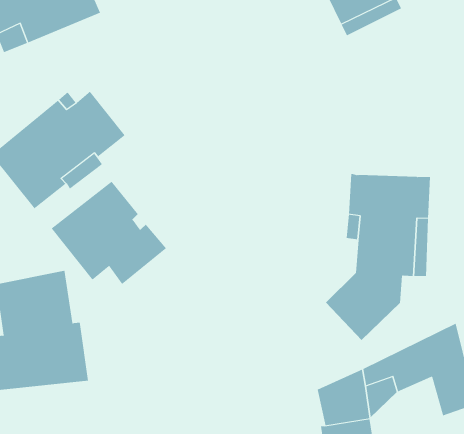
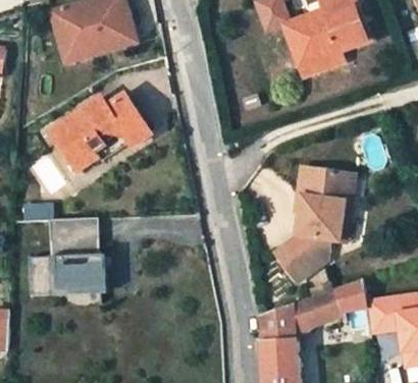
building: [51,181,167,285] -> none

